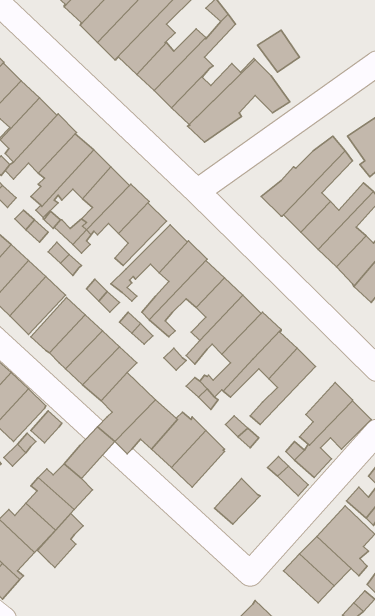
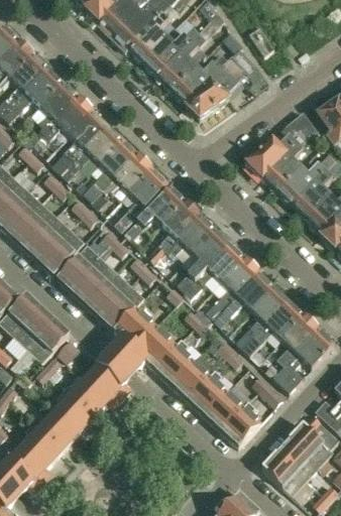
building: none -> [243,301,305,355]
building: none -> [188,371,228,417]
building: none -> [221,401,263,445]
building: [37,513,83,568] -> [97,363,134,407]

